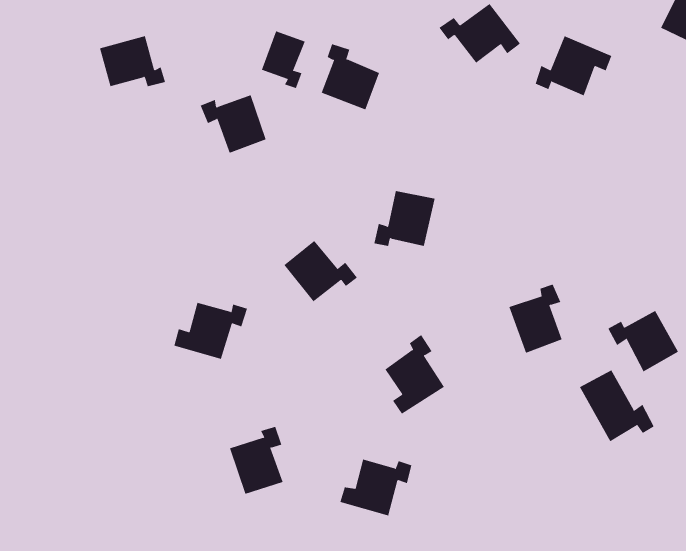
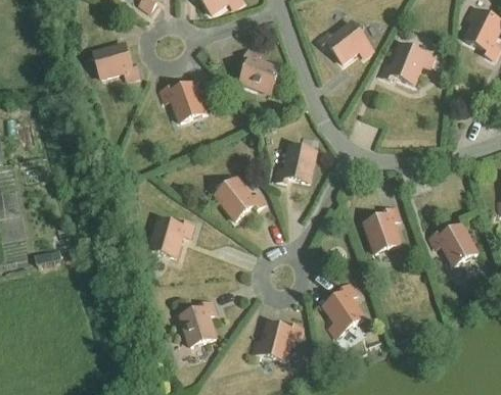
building: [261,31,305,89] -> none
building: [384,334,445,415] -> [324,282,364,335]
building: [579,369,654,442] -> none

